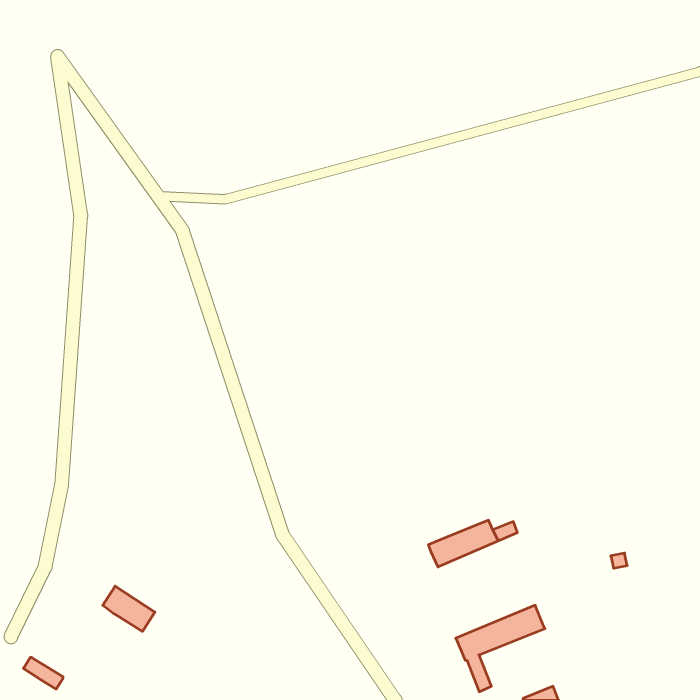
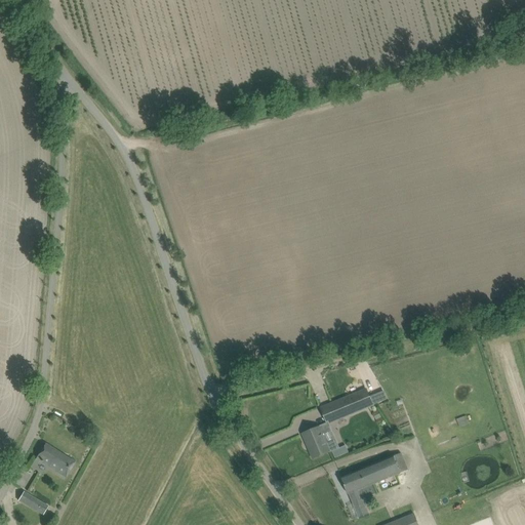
building: none -> [301,426,338,456]
building: [103,586,155,631] -> [35,443,74,477]

